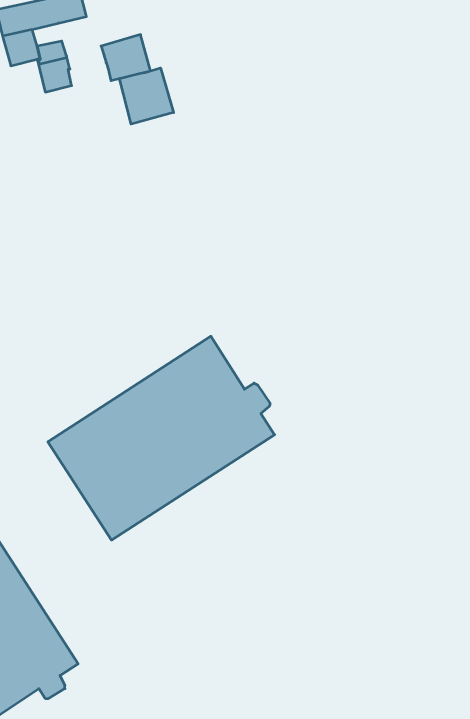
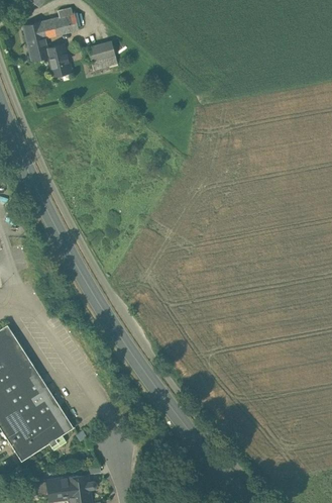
building: [120,68,174,124] -> none
building: [48,336,275,540] -> none

